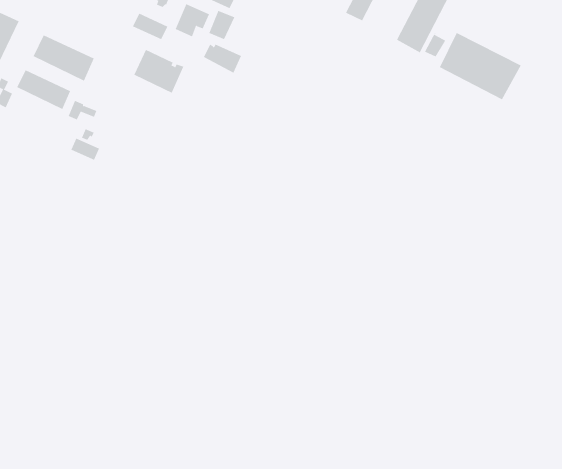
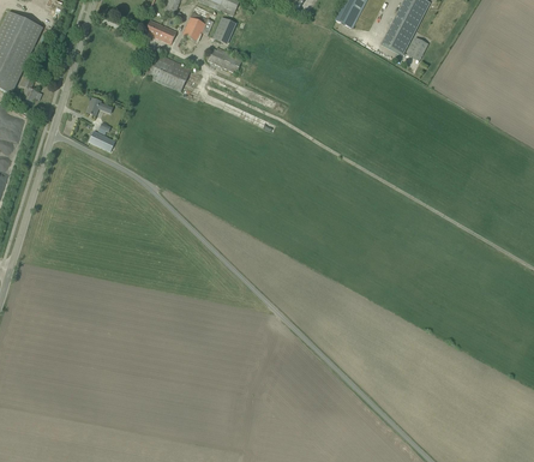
building: [439,32,521,100] -> none
building: [33,34,94,81] -> none
building: [17,69,71,110] -> none

